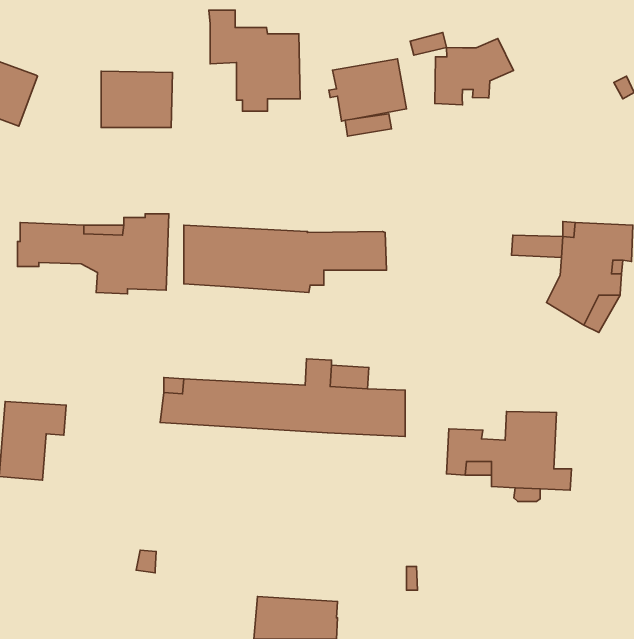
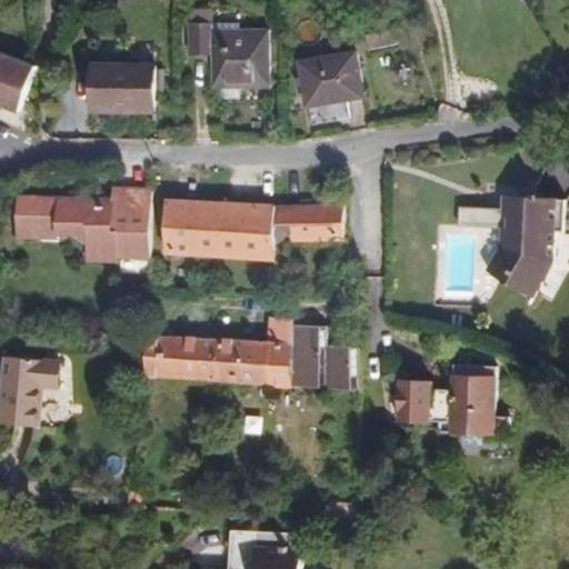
building: [435,39,513,105] -> none

